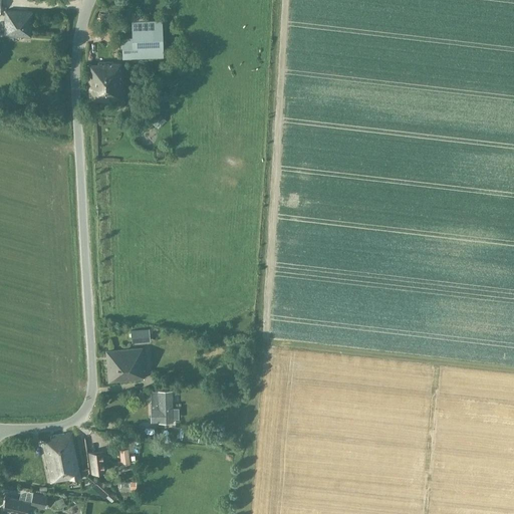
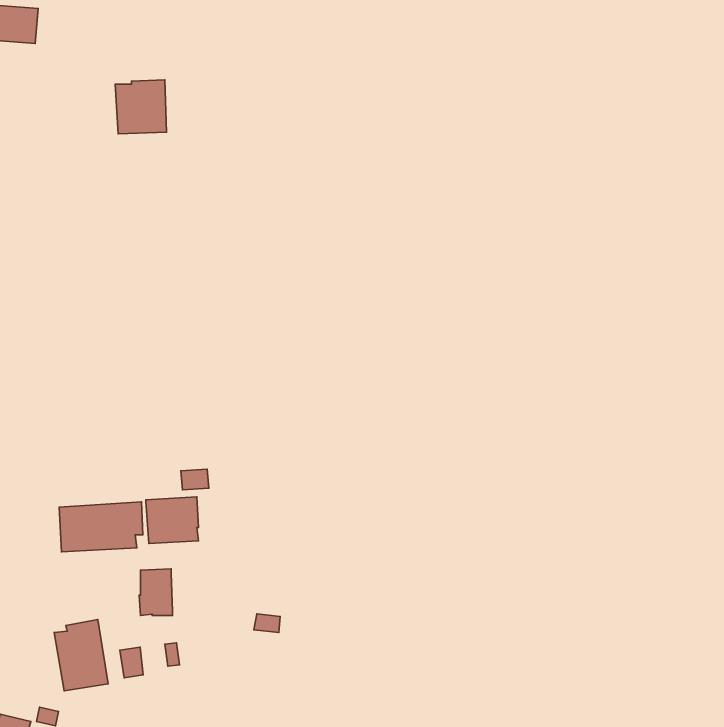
building: [122,19,164,56] -> none
building: none -> [59,502,143,552]
building: [150,391,173,423] -> [139,569,173,616]

